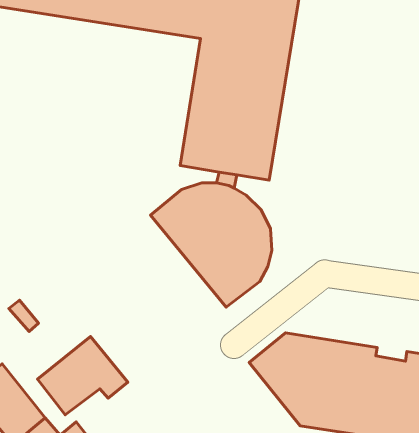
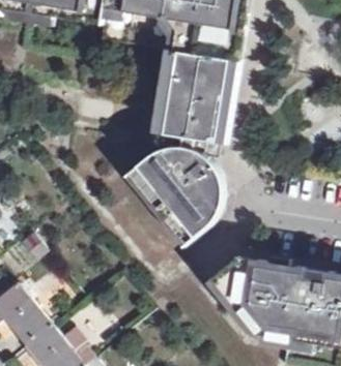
building: [38,337,128,415] -> none

